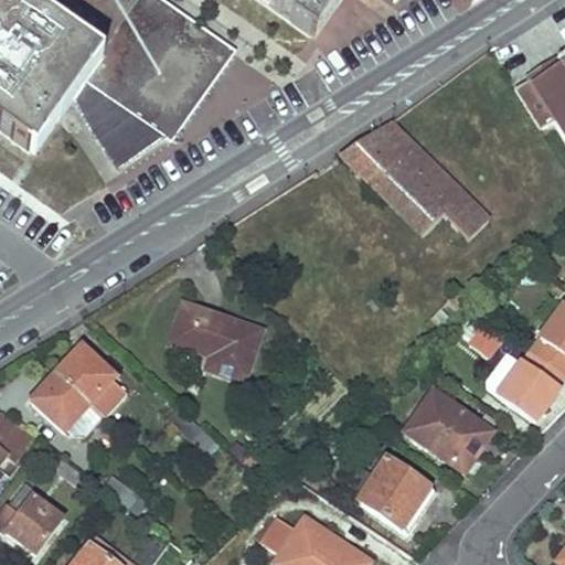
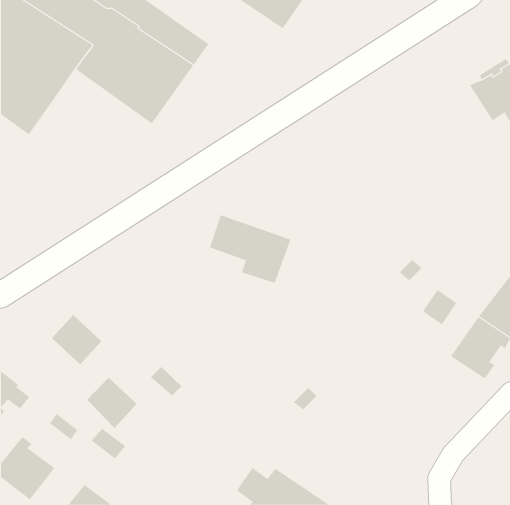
building: [73,76,169,173] -> none
building: [340,118,490,236] -> none
building: [171,302,262,379] -> [209,215,291,284]
building: [33,373,89,430] -> [87,377,138,429]
building: [404,386,493,471] -> none
building: [356,456,433,525] -> none

